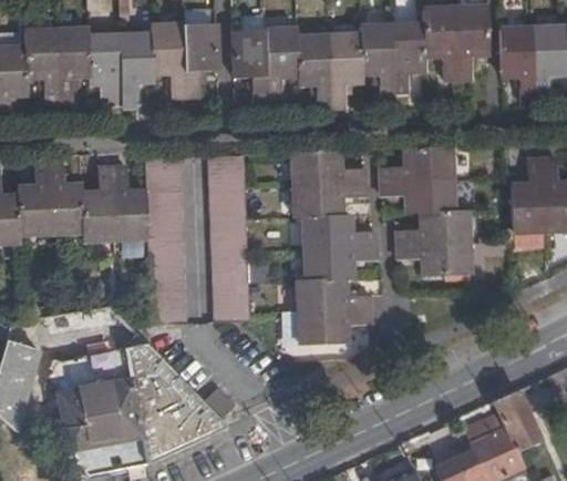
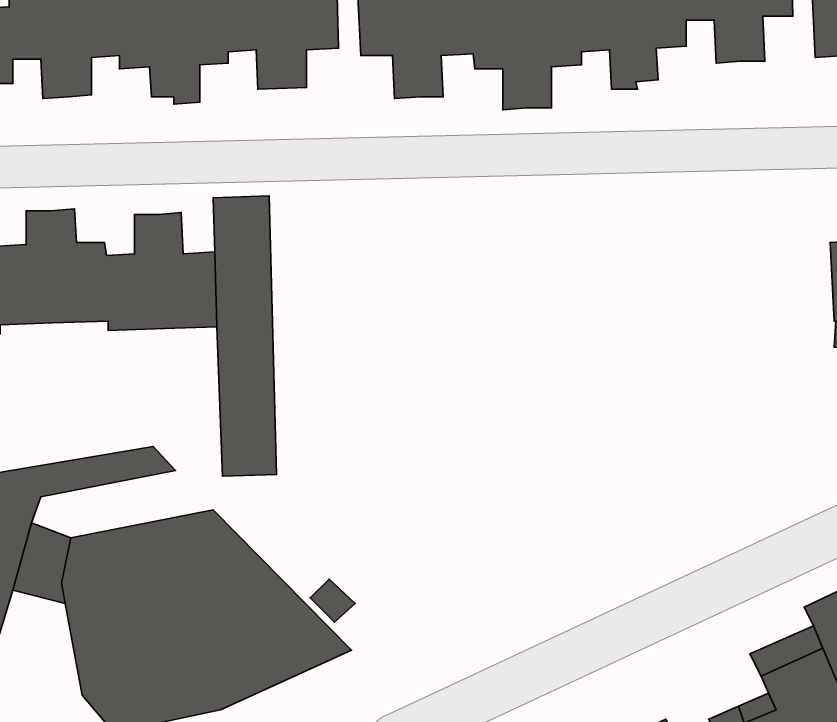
building: [382,146,468,275] -> none
building: [293,150,375,344] -> none
building: [210,154,249,320] -> none

